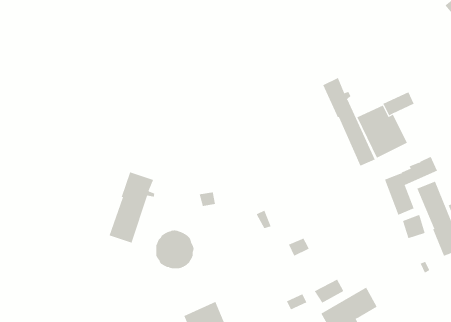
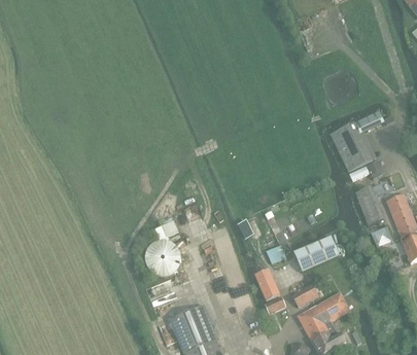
building: [322,77,375,167] -> none
building: [109,172,155,244] -> none
building: none -> [292,236,339,271]
building: none -> [254,271,278,300]

